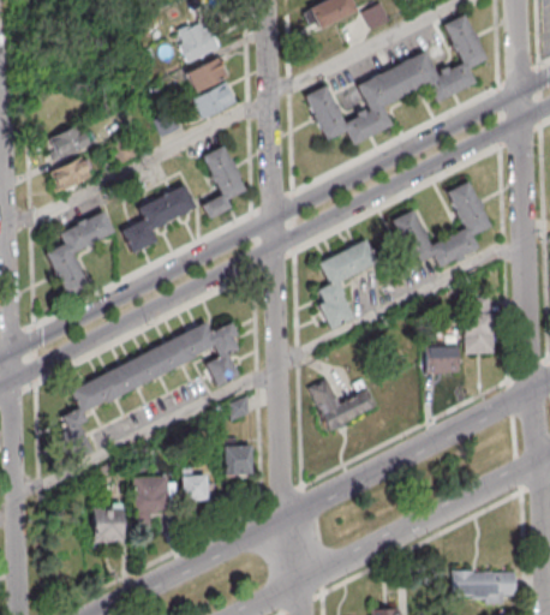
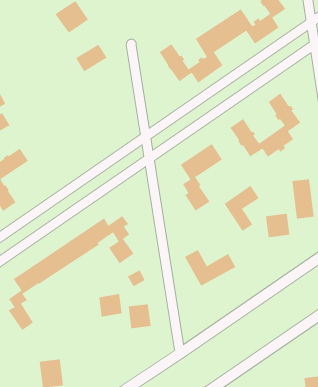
building: [185,55,228,92] -> none
building: [202,143,245,216] -> none
building: [121,183,196,251] -> none
building: none -> [224,185,259,232]
building: [181,474,211,503] -> [98,294,122,317]
building: [132,477,167,510] -> none

